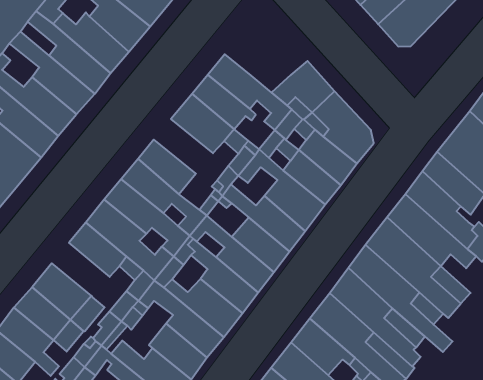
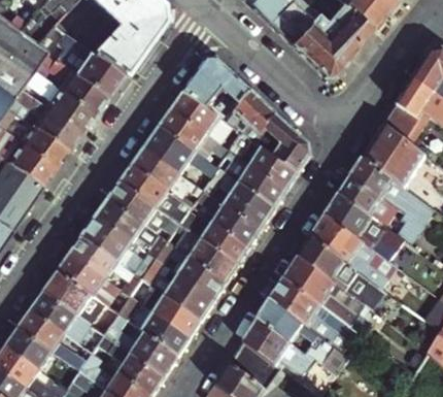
building: none -> [185,58,252,105]
building: none -> [134,145,182,188]
building: none -> [60,252,107,294]

